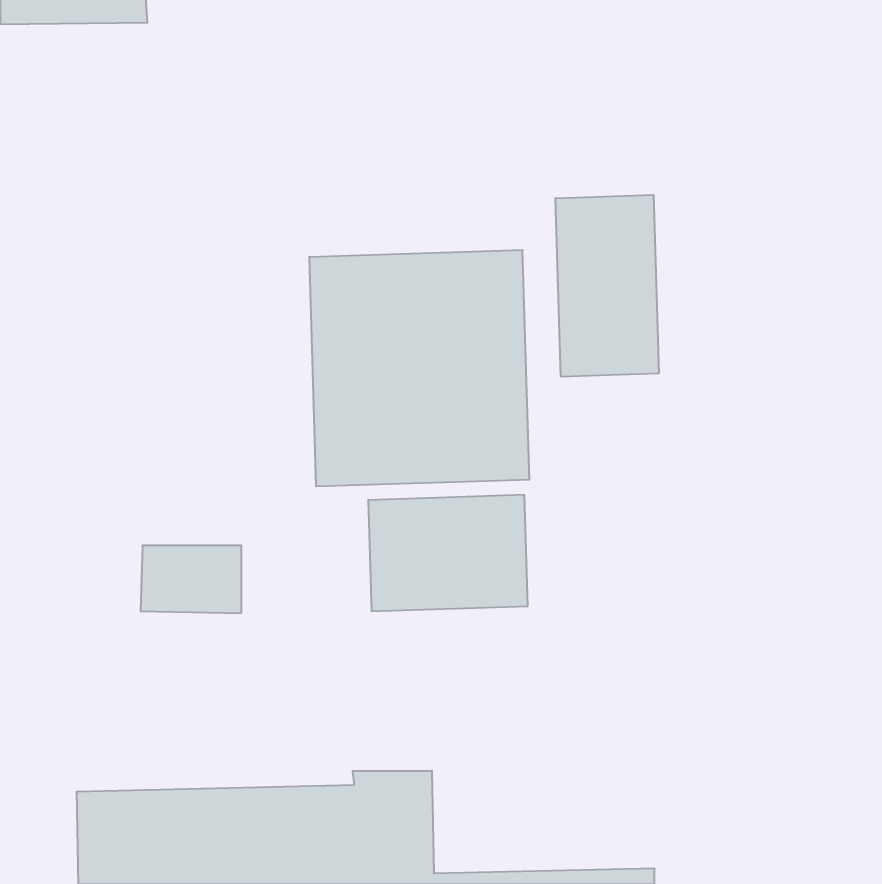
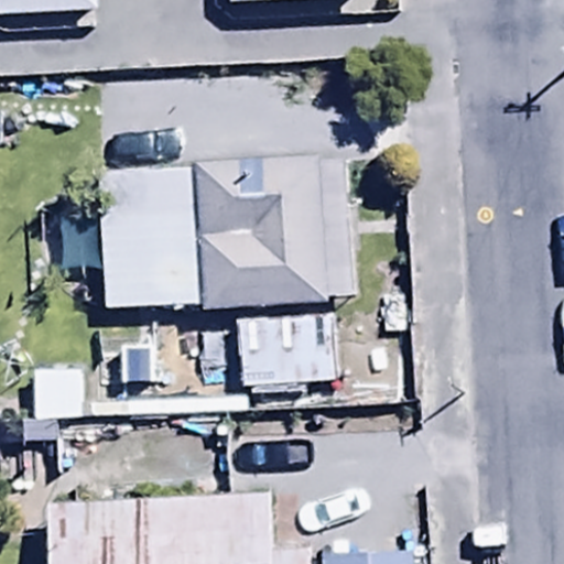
building: [555,195,659,377] -> none
building: none -> [99,163,204,313]

